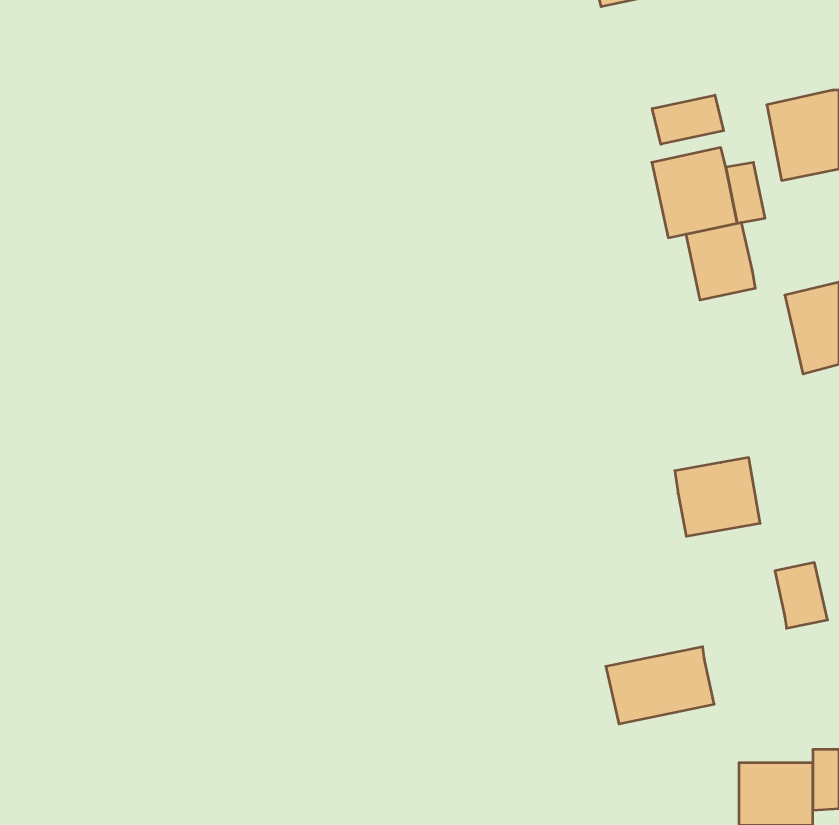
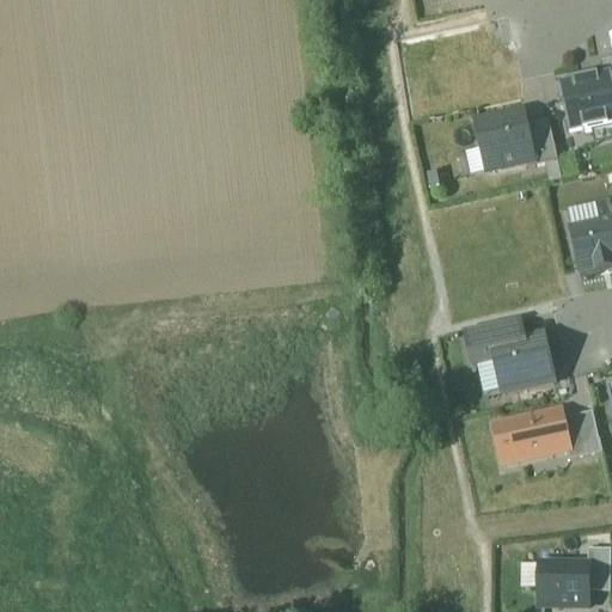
building: [652,95,724,144] -> none
building: [686,222,755,300] -> none
building: none -> [463,318,525,365]
building: [606,647,714,724] -> [492,408,571,464]

